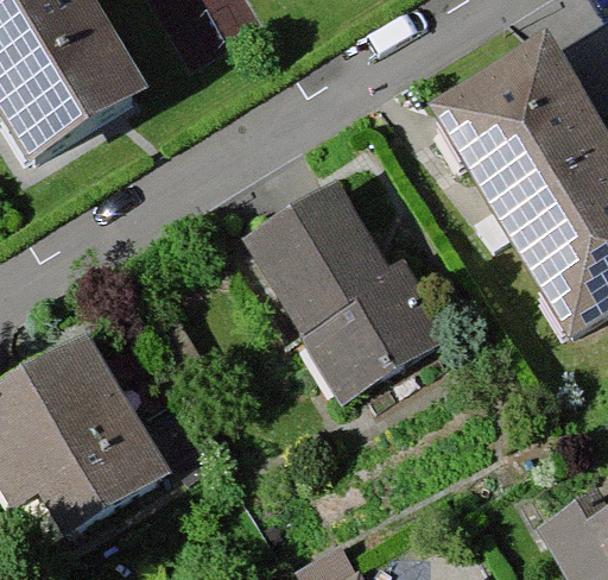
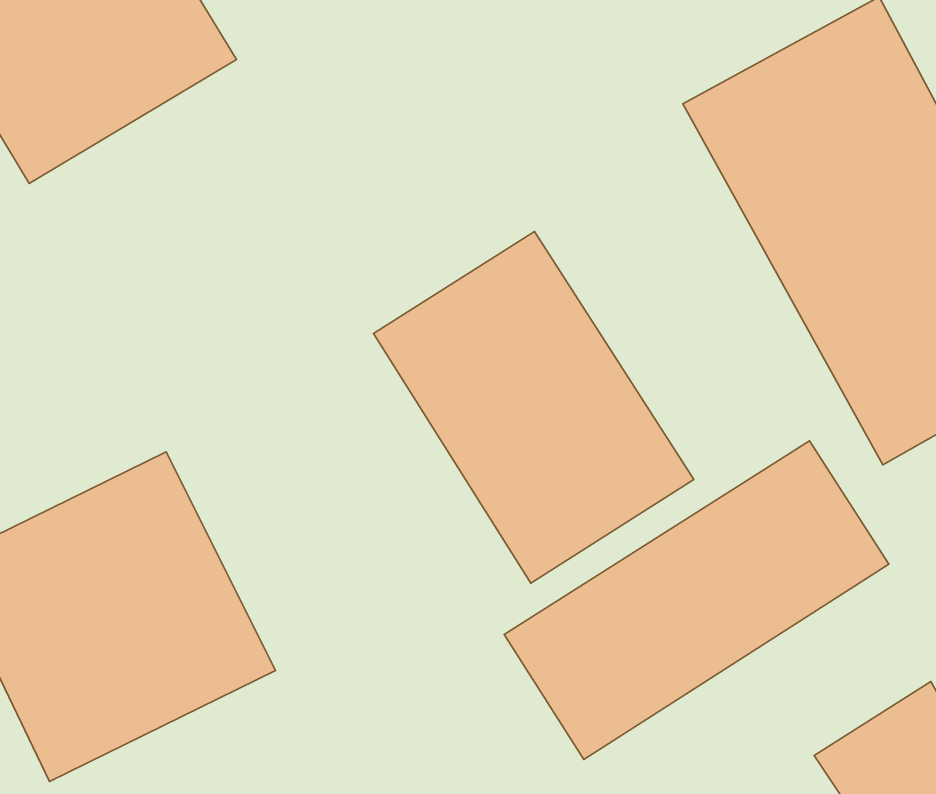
building: none -> [504,441,889,759]

